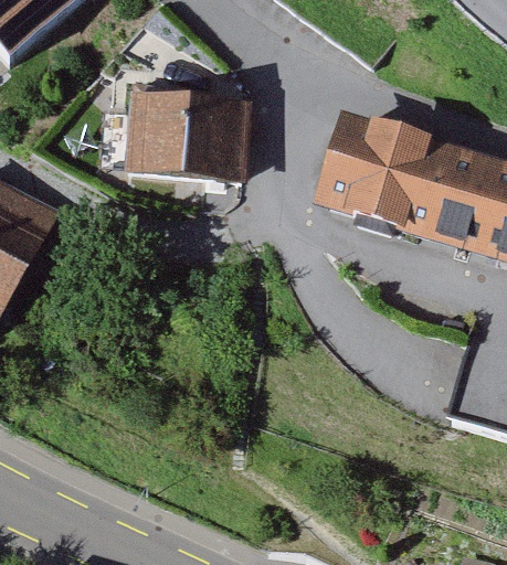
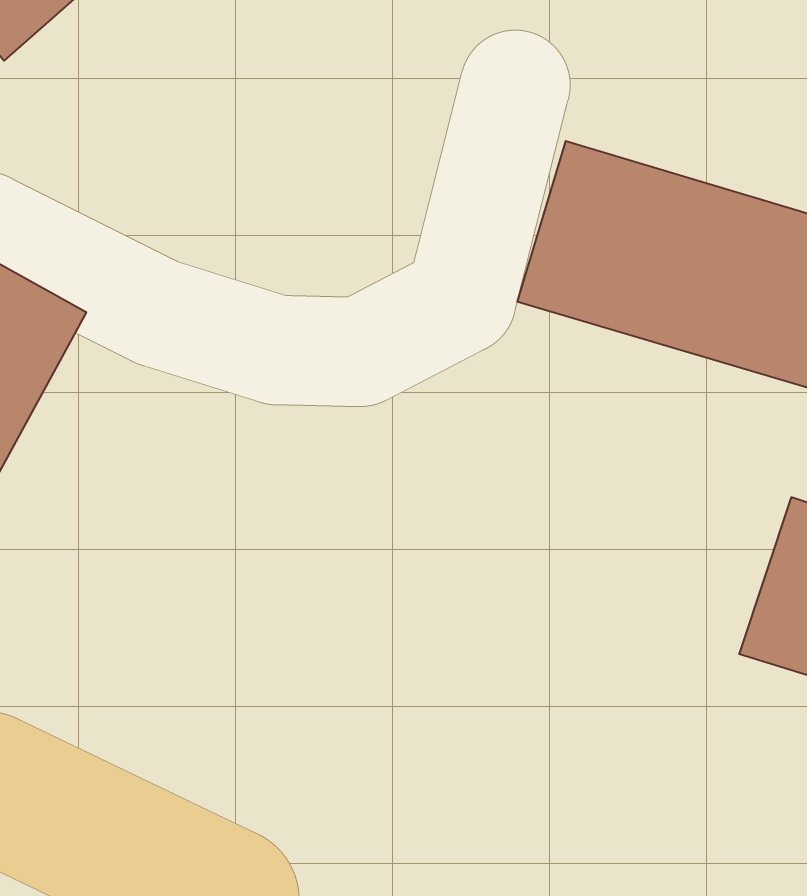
building: [105,93,250,178] -> none

